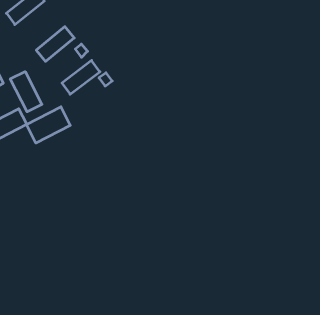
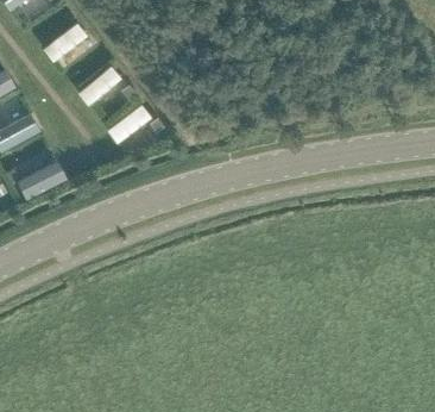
building: [10,72,42,112] -> none
building: [27,107,70,143] -> none

